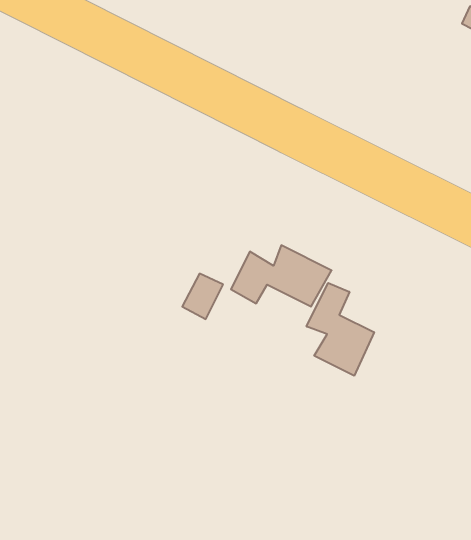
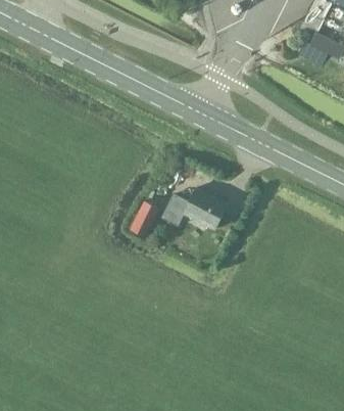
building: [307,283,374,376] -> none

